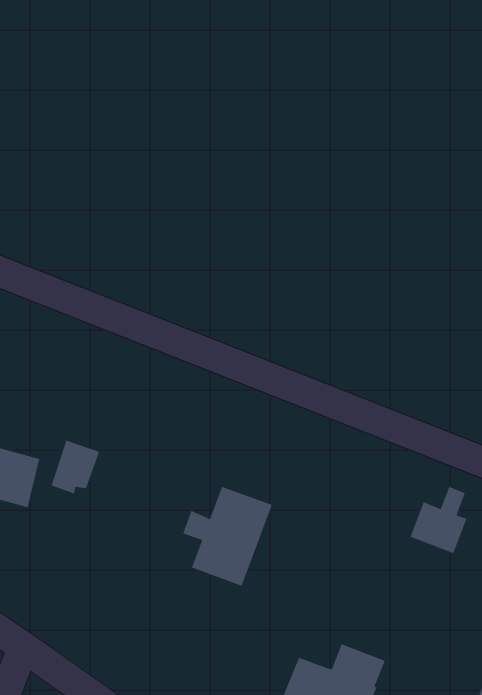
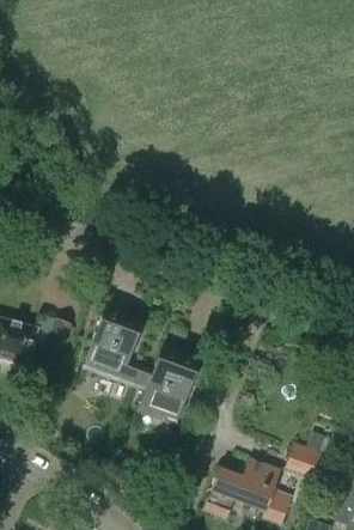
building: none -> [87,310,141,382]
building: [409,486,468,554] -> [285,432,325,480]

